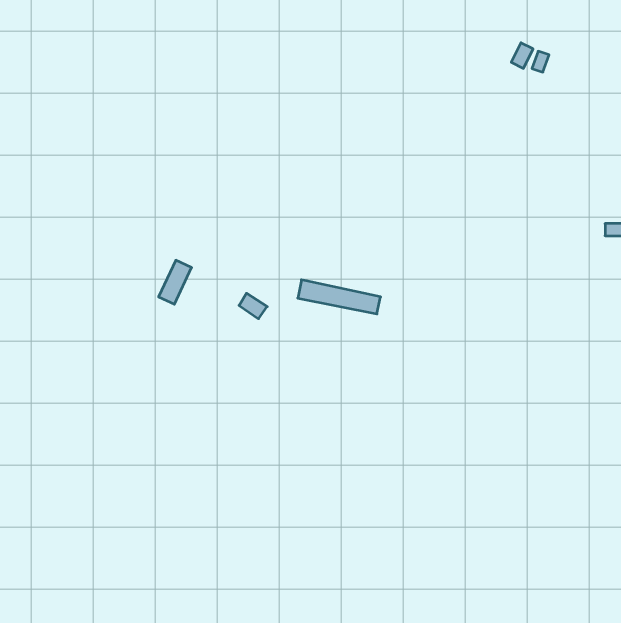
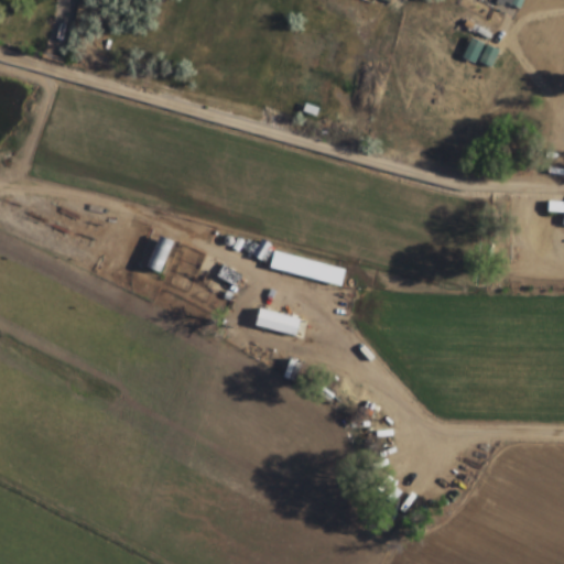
building: none -> [256,310,301,337]

